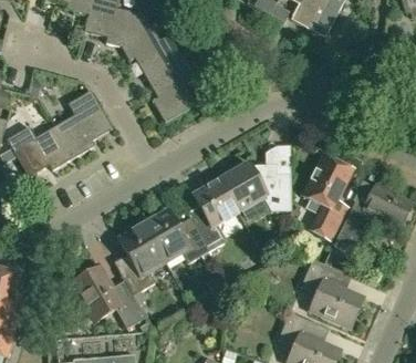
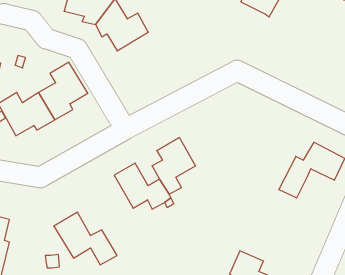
building: [146,54,196,122] -> none
building: [302,154,351,239] -> none
building: [219,162,291,211] -> none
building: [117,222,165,294] -> none
building: [300,258,364,328] -> none

